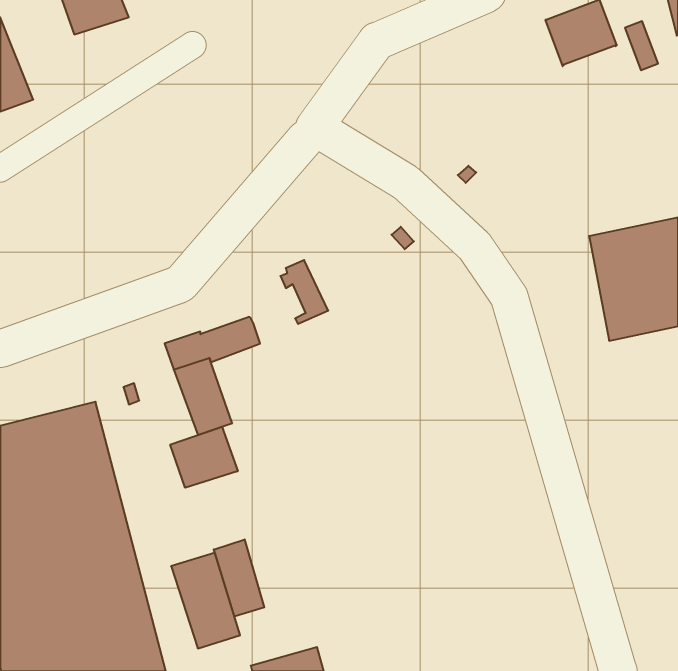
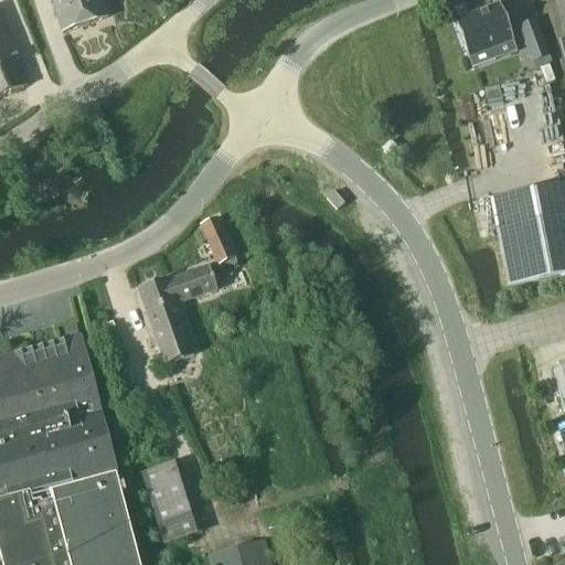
building: [280,260,328,324] -> [196,216,236,269]
building: [170,427,238,488] -> none
building: [214,539,264,617] -> none

